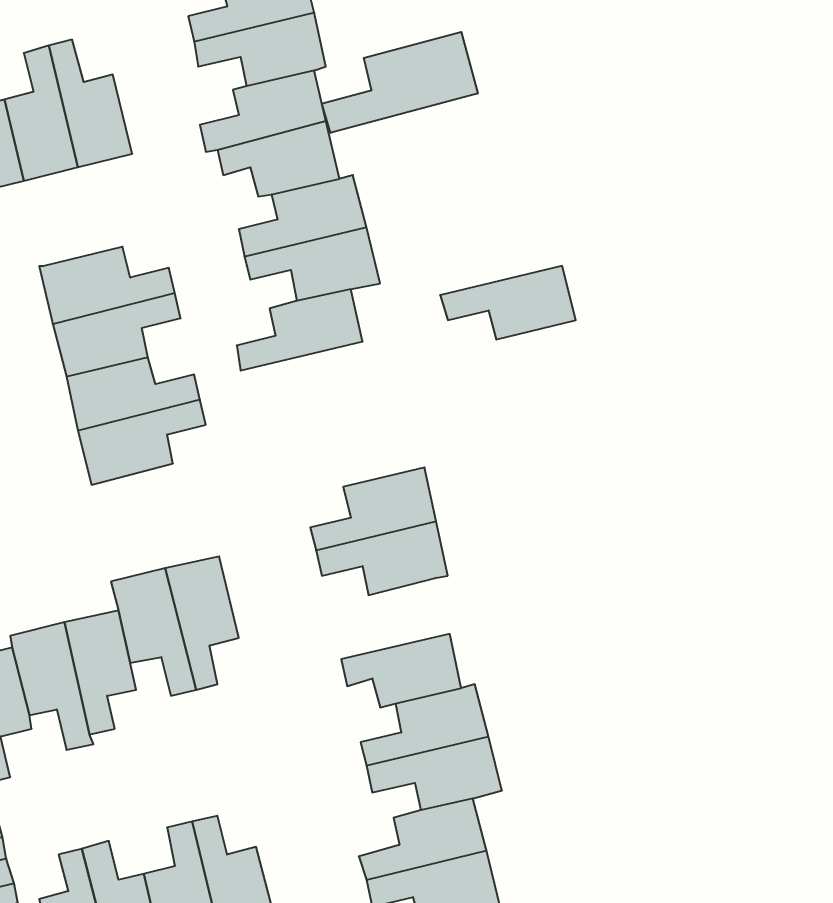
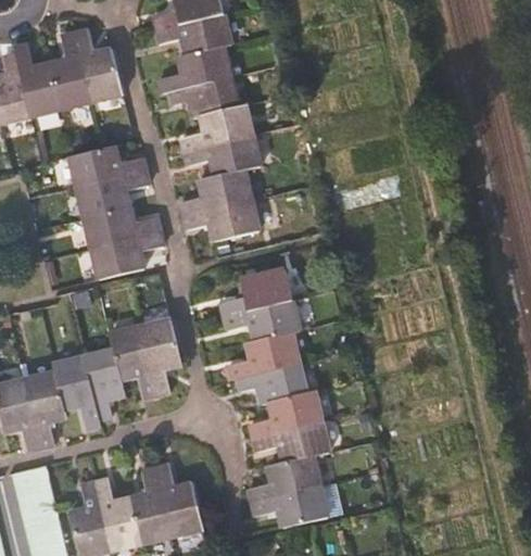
building: [322,32,478,133] -> none
building: [440,266,576,340] -> [182,199,258,240]
building: none -> [228,331,300,379]

